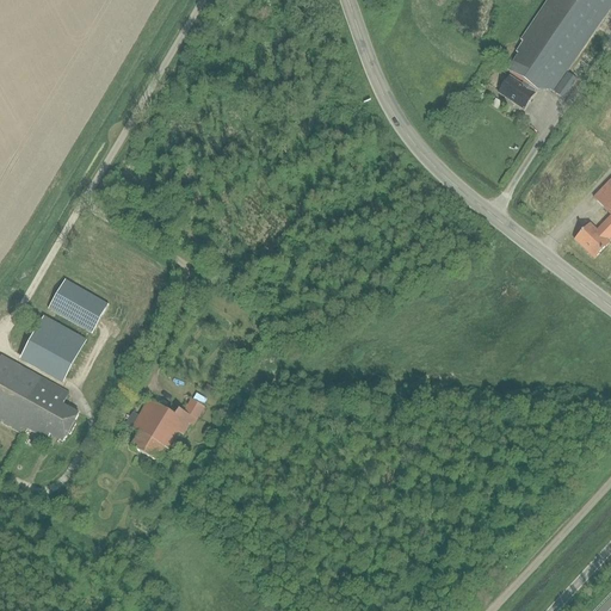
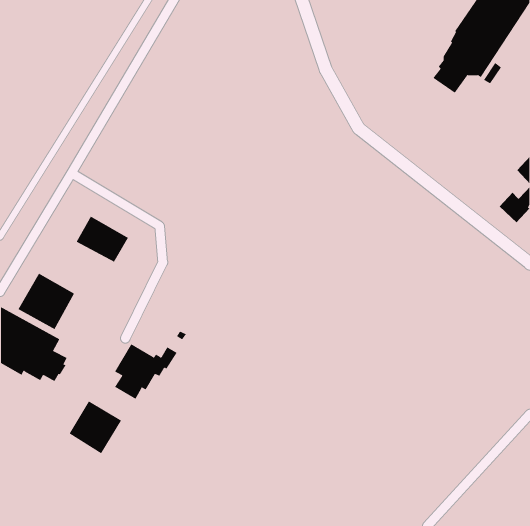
building: [48,276,109,329] -> [76,216,129,263]
building: none -> [69,400,122,454]

